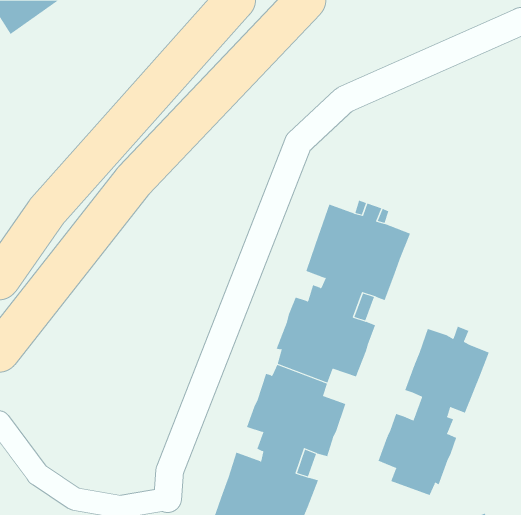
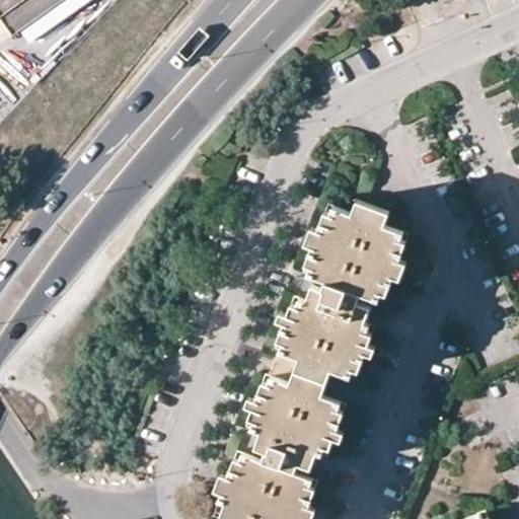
building: [378,326,490,496] -> none

